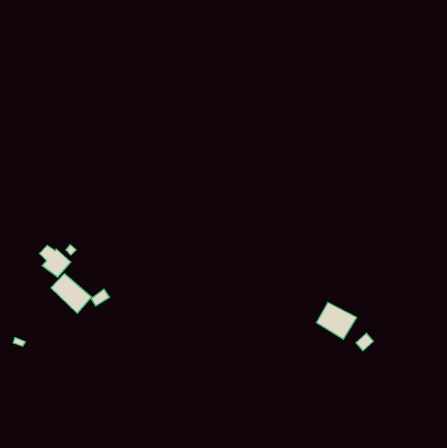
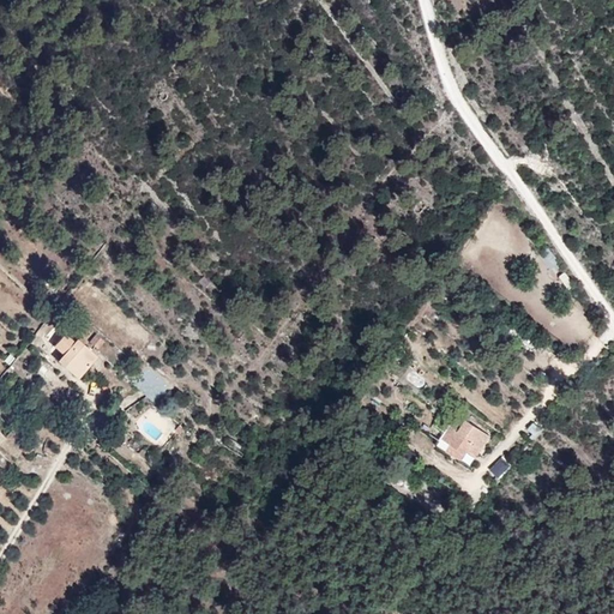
building: [51,274,91,313] -> none

